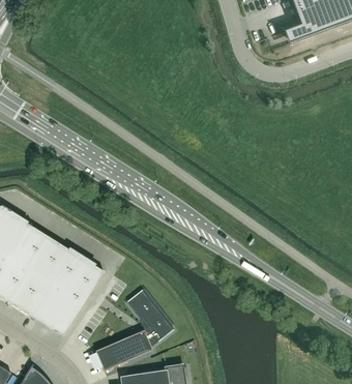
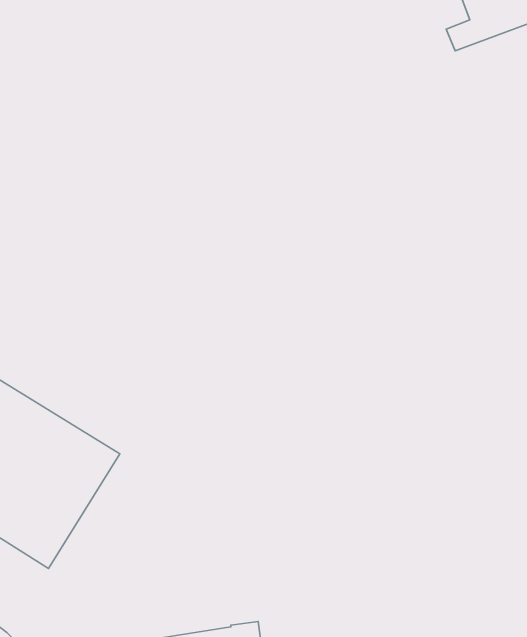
building: [94,288,173,368] -> none

